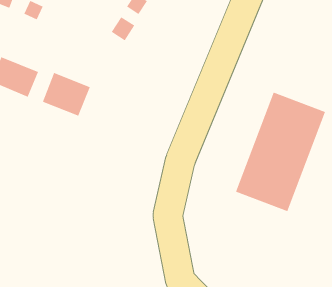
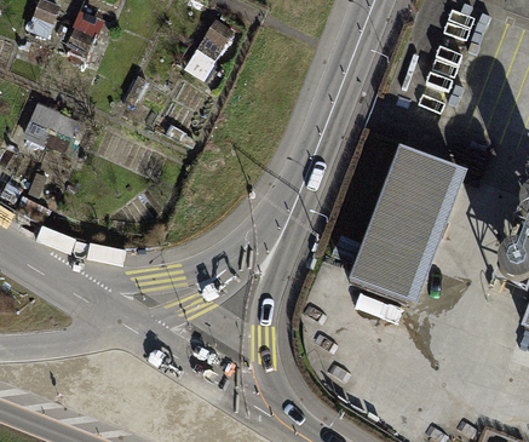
building: [42,72,91,116] -> none

